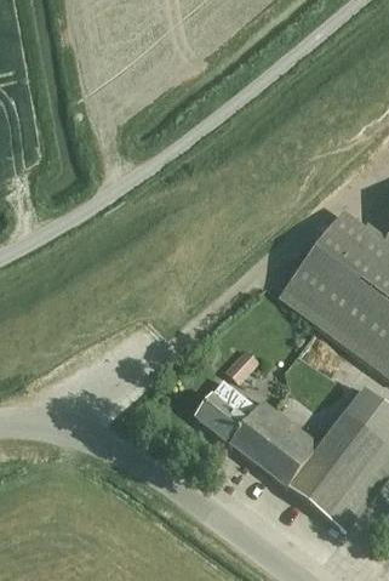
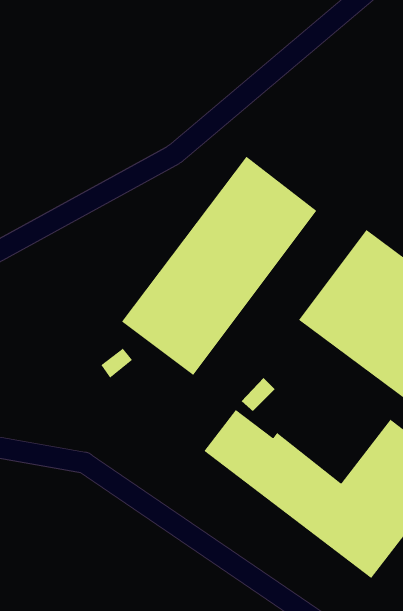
building: none -> [121,156,317,376]

